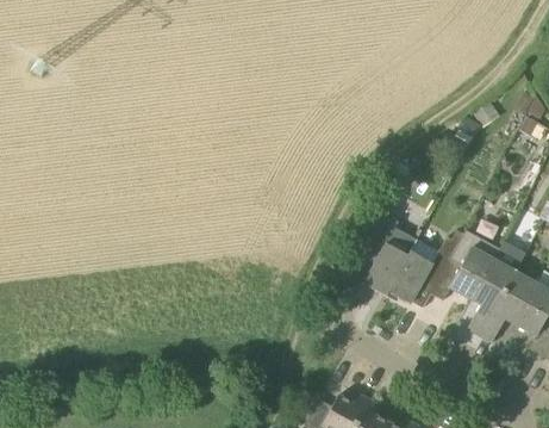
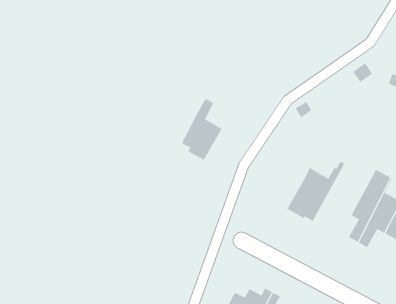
building: [357,216,412,297] -> [181,98,223,161]
building: [424,230,501,309] -> none

